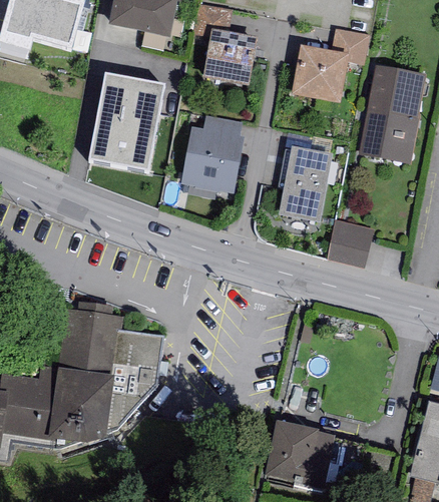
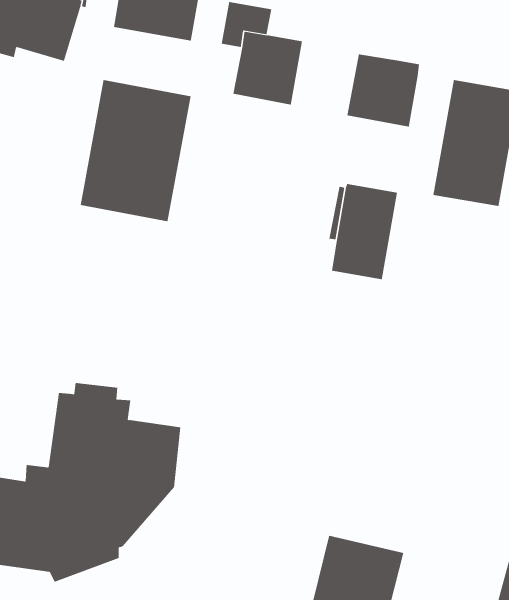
building: [332,28,368,64] -> none
building: [180,116,243,192] -> none
building: [325,219,373,270] -> none

